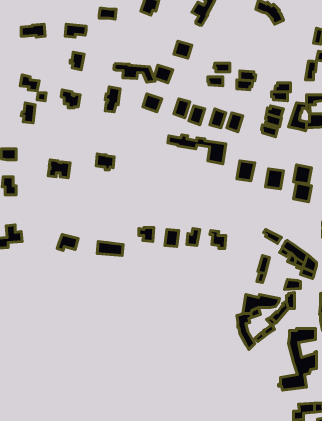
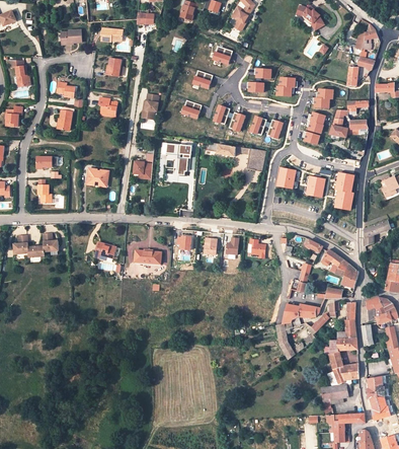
building: [114,64,155,82] -> none
building: none -> [167,143,192,174]
building: none -> [332,302,356,339]

